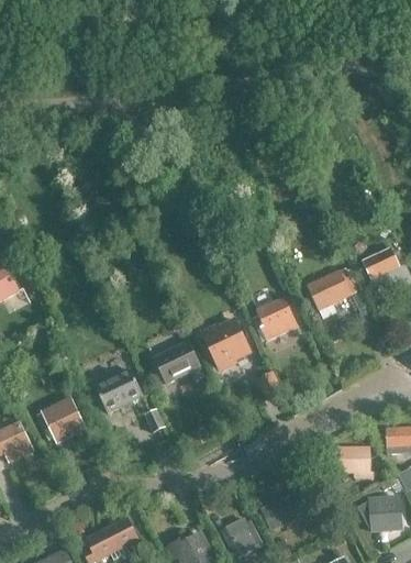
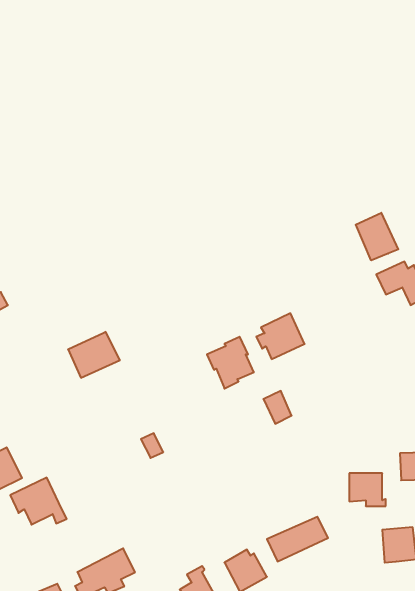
building: none -> [356,213,398,260]
building: [308,271,351,318] -> none
building: [154,342,204,383] -> none
building: [95,369,143,412] -> [68,332,120,378]
building: [36,398,89,442] -> [10,478,67,525]

